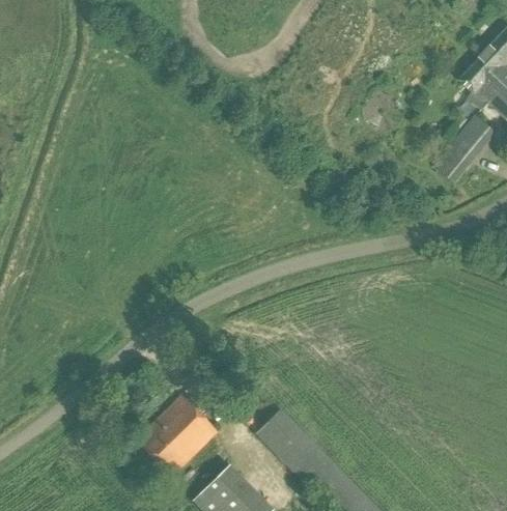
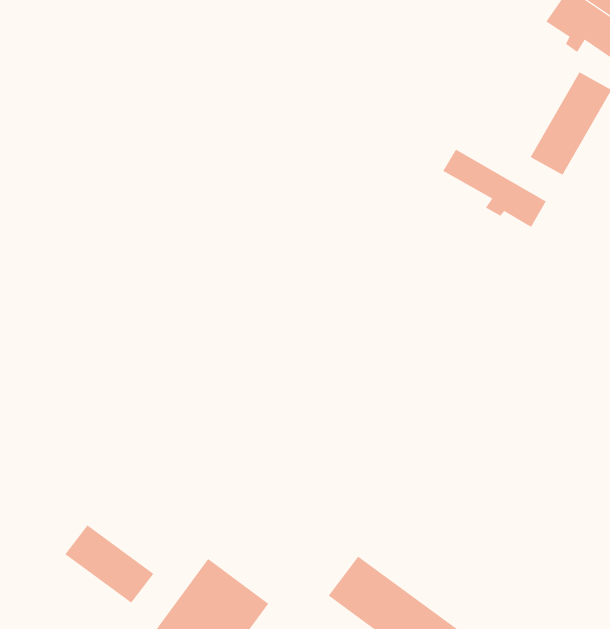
building: none -> [443,149,547,228]
building: none -> [65,524,154,604]

